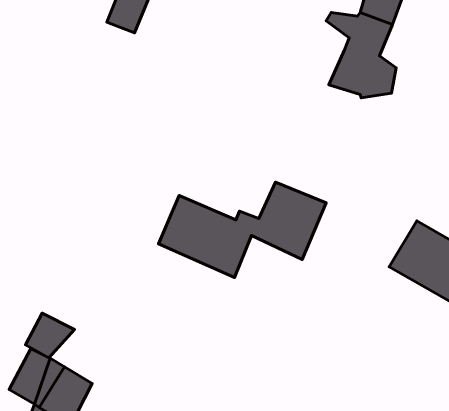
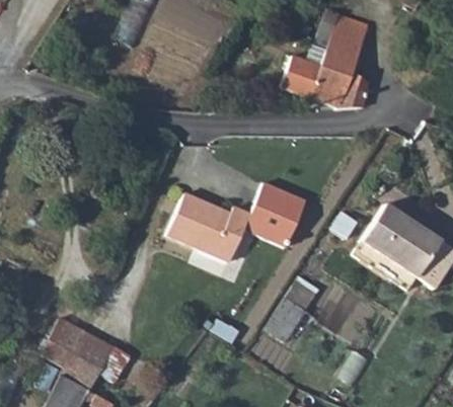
building: none -> [280,55,323,96]
building: [26,313,75,358] -> none
building: none -> [277,290,317,340]

